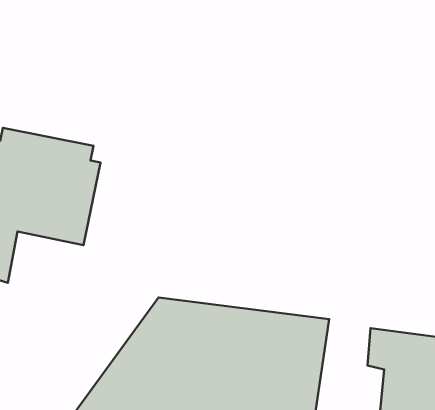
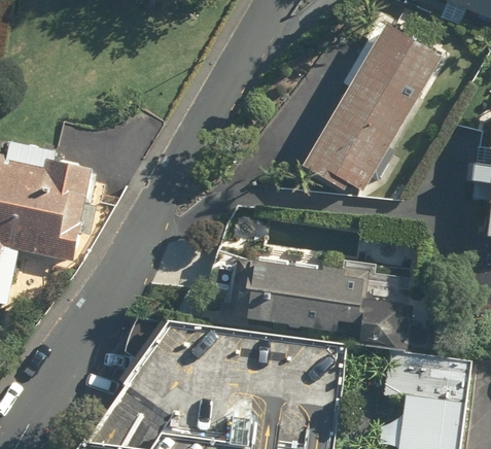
building: none -> [300,21,446,202]
building: none -> [225,257,428,344]

